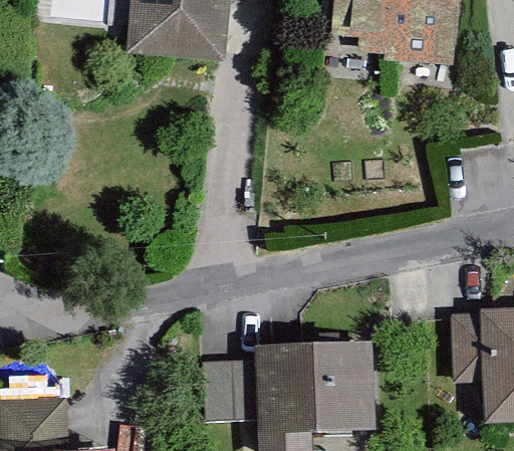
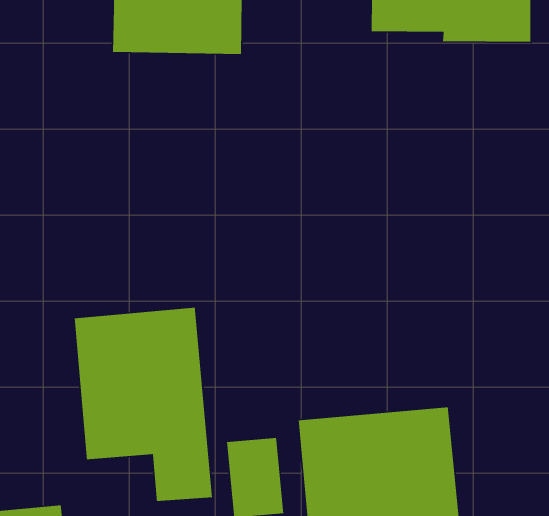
building: none -> [74,307,213,502]

